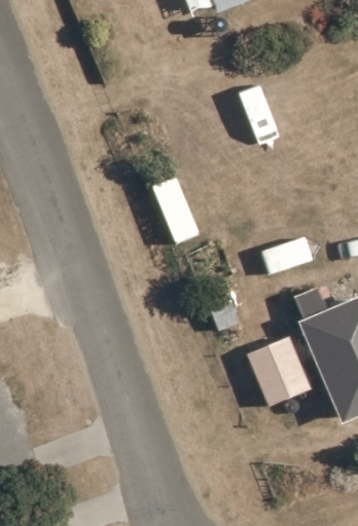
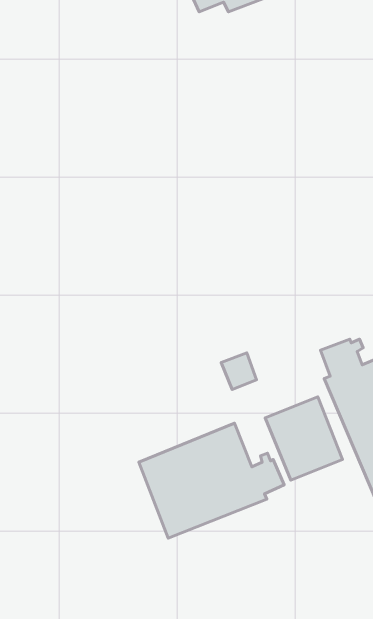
building: none -> [139,423,284,538]

